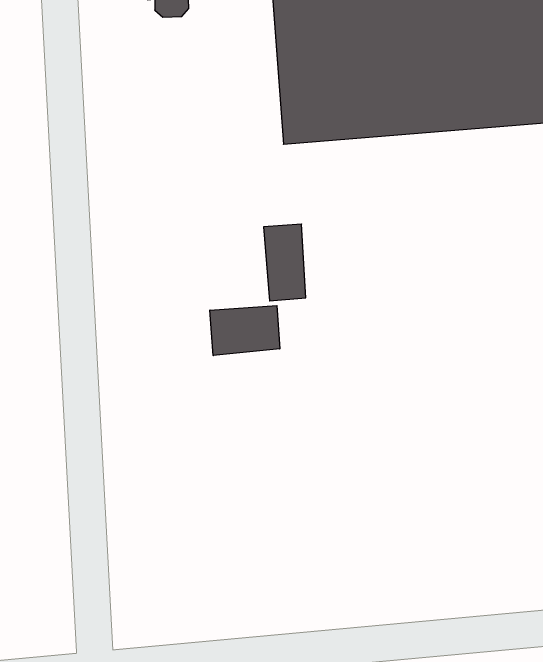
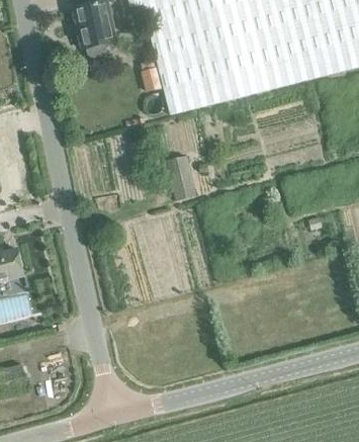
building: [210,306,280,356] -> none

